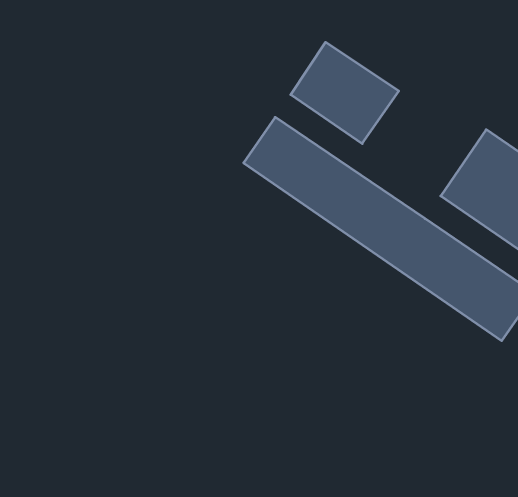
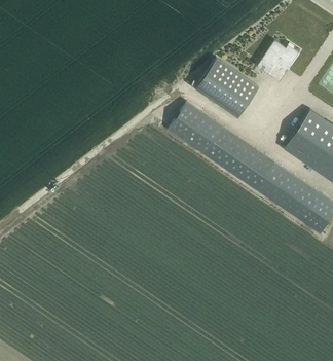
building: none -> [257,39,299,81]

